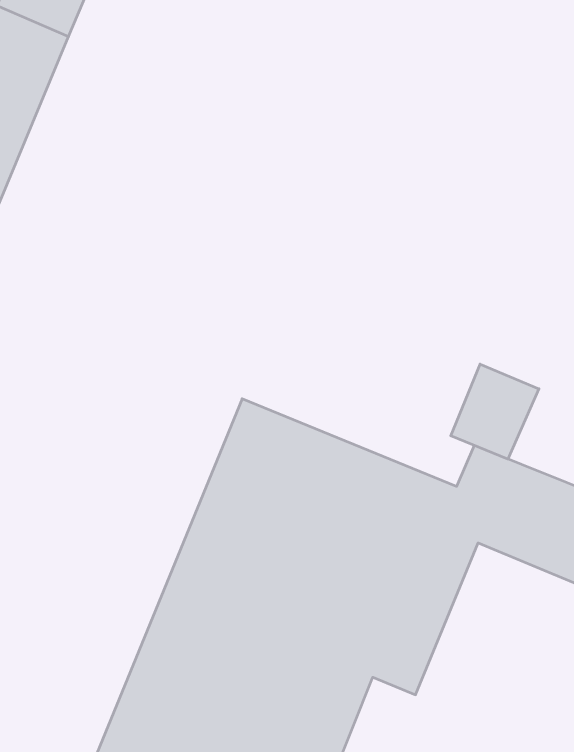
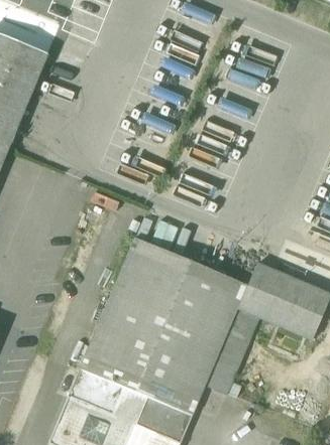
building: [451,364,539,459] -> none

